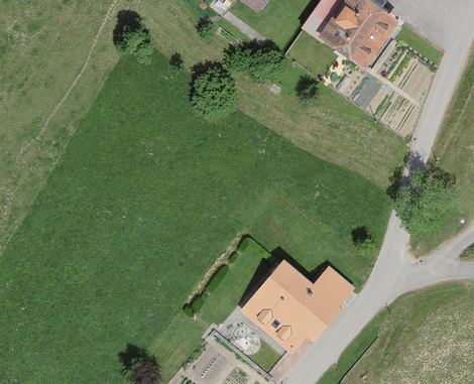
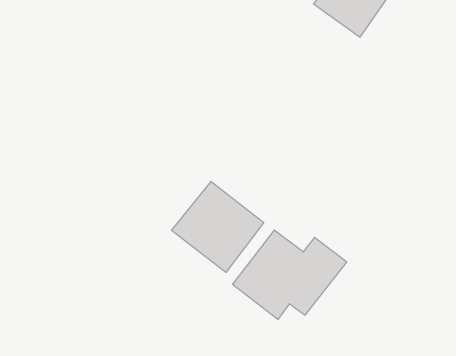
building: none -> [172,181,264,272]

